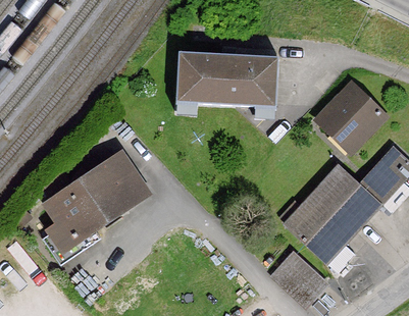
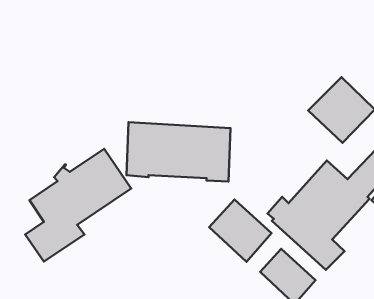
building: [176,50,278,108] -> [127,122,231,181]
building: none -> [209,199,272,262]

